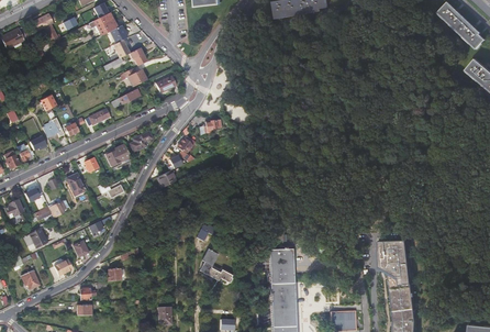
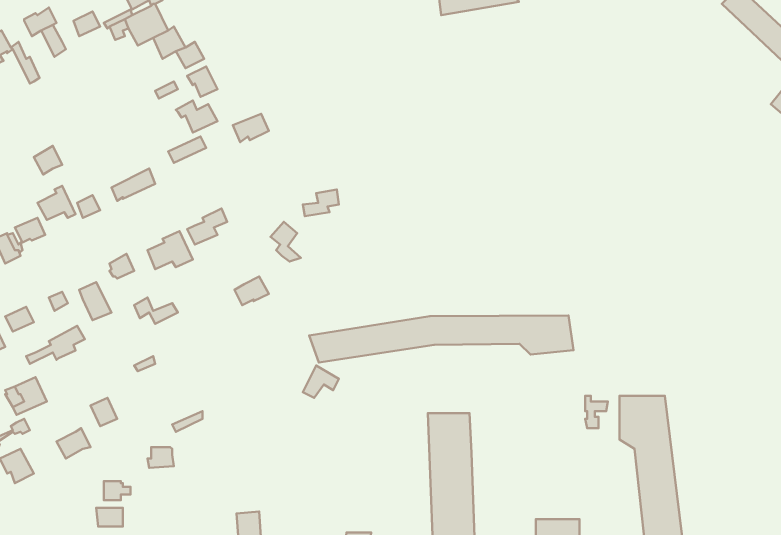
building: none -> [309,315,573,362]
building: [199,247,232,283] -> none

